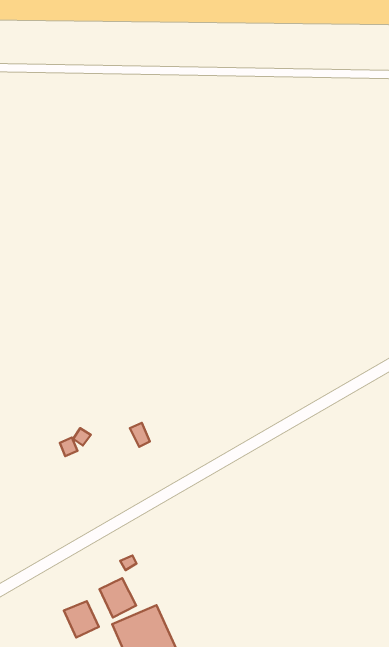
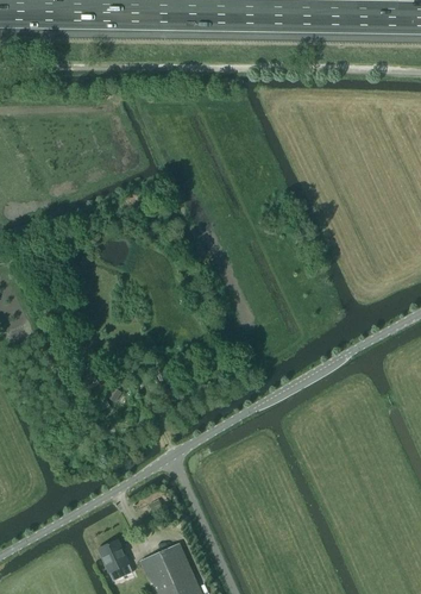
building: [99,578,136,617] -> none

